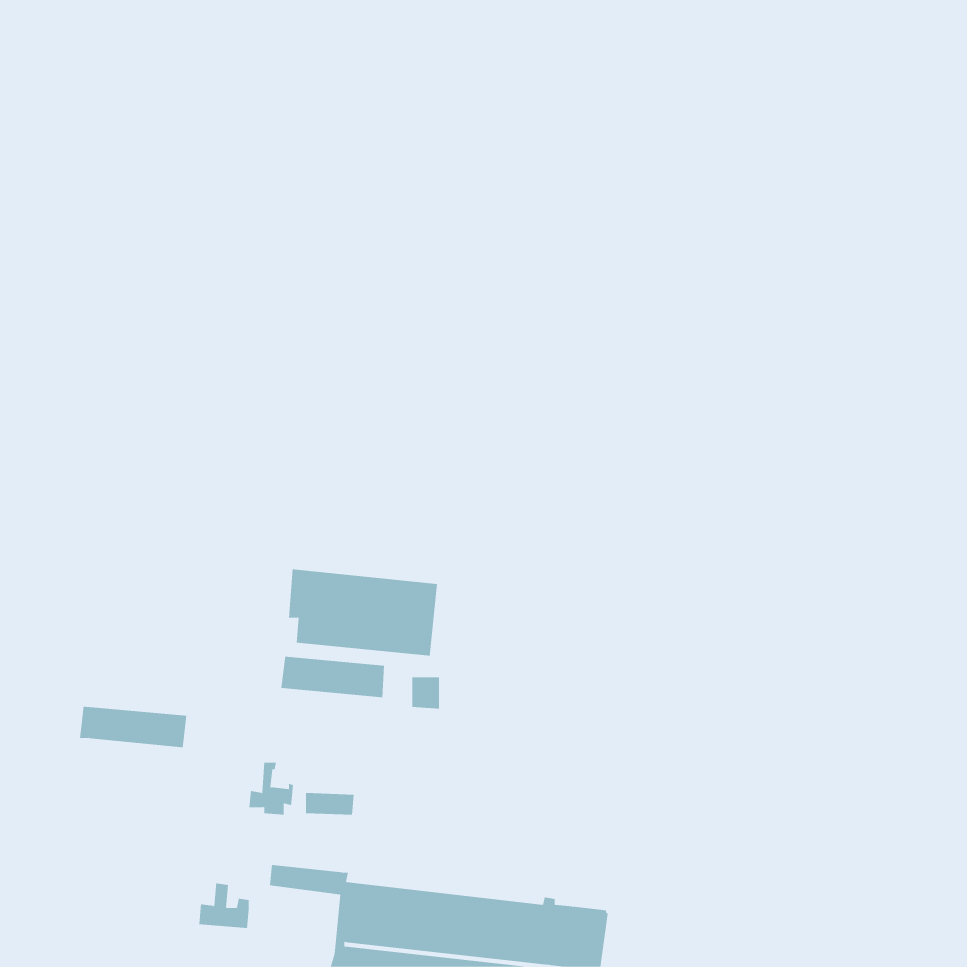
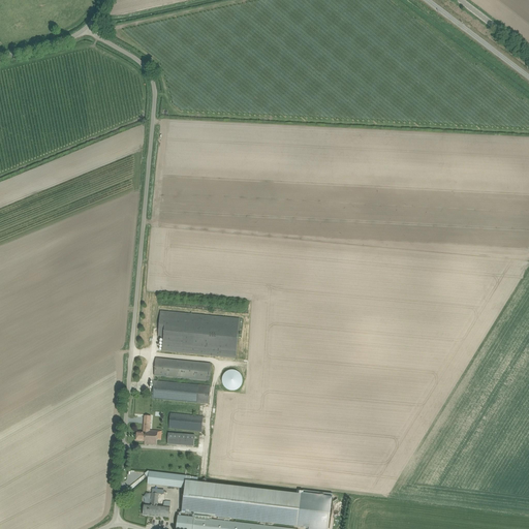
building: [79,706,187,748] -> [151,380,210,403]
building: none -> [167,412,201,431]
building: [198,883,250,928] -> [142,492,169,517]

